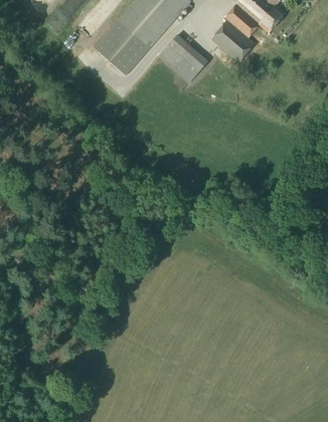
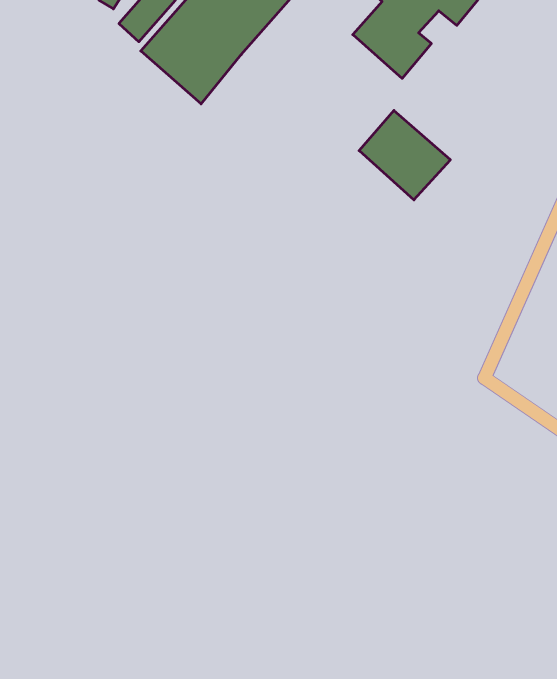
building: [158,34,208,83] -> [359,110,450,200]

